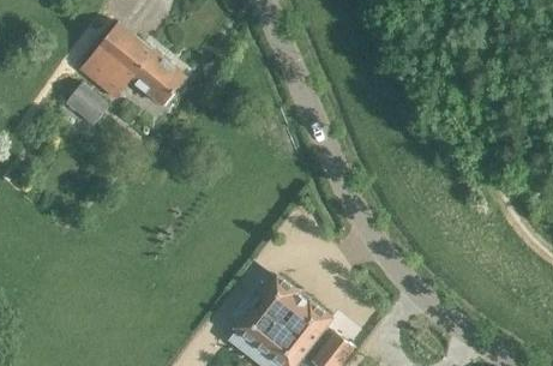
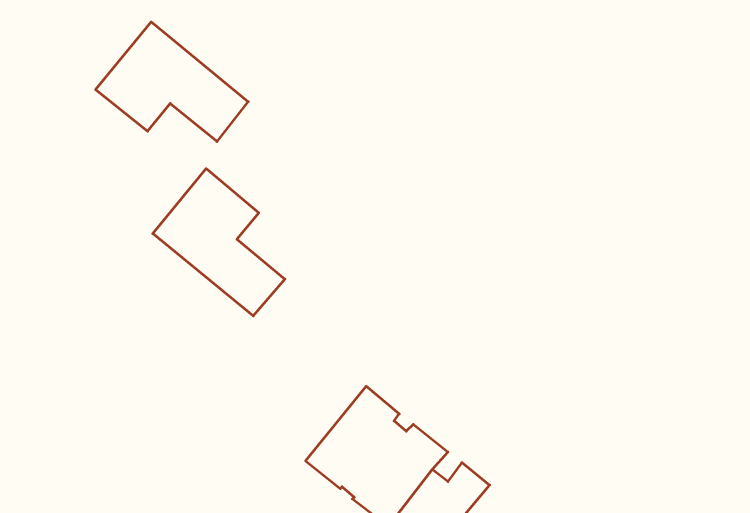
building: [65,83,108,125] -> none
building: none -> [153,169,285,316]

